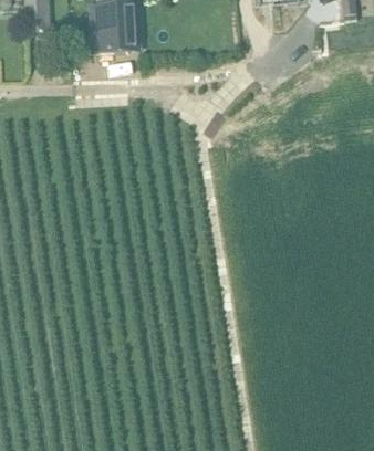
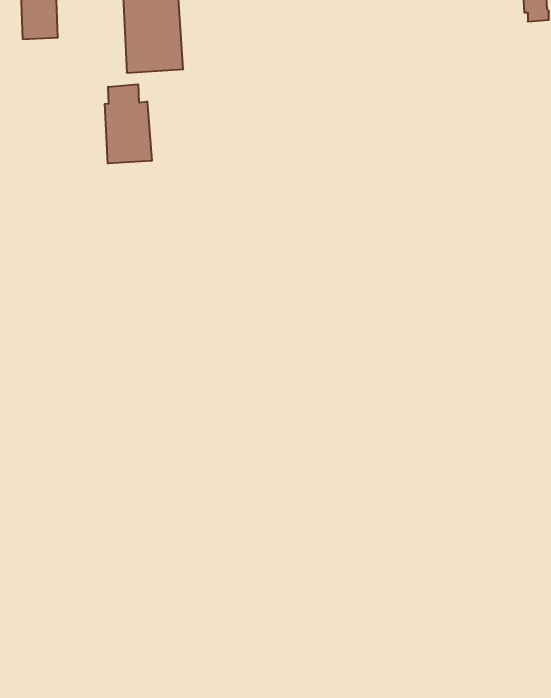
building: none -> [105,84,152,164]

